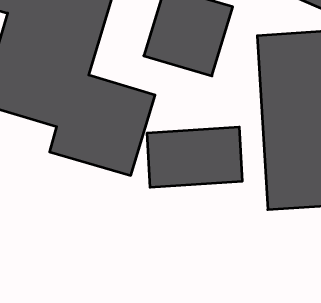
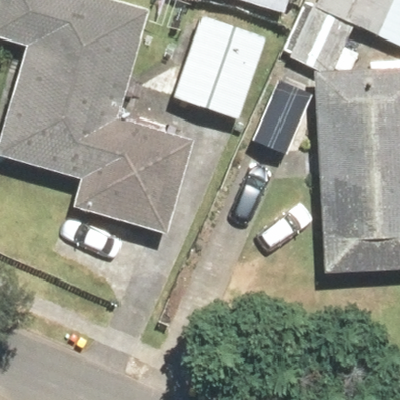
building: [147,127,242,187] -> none

